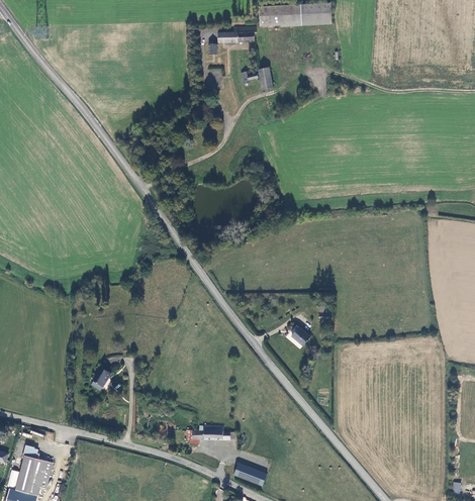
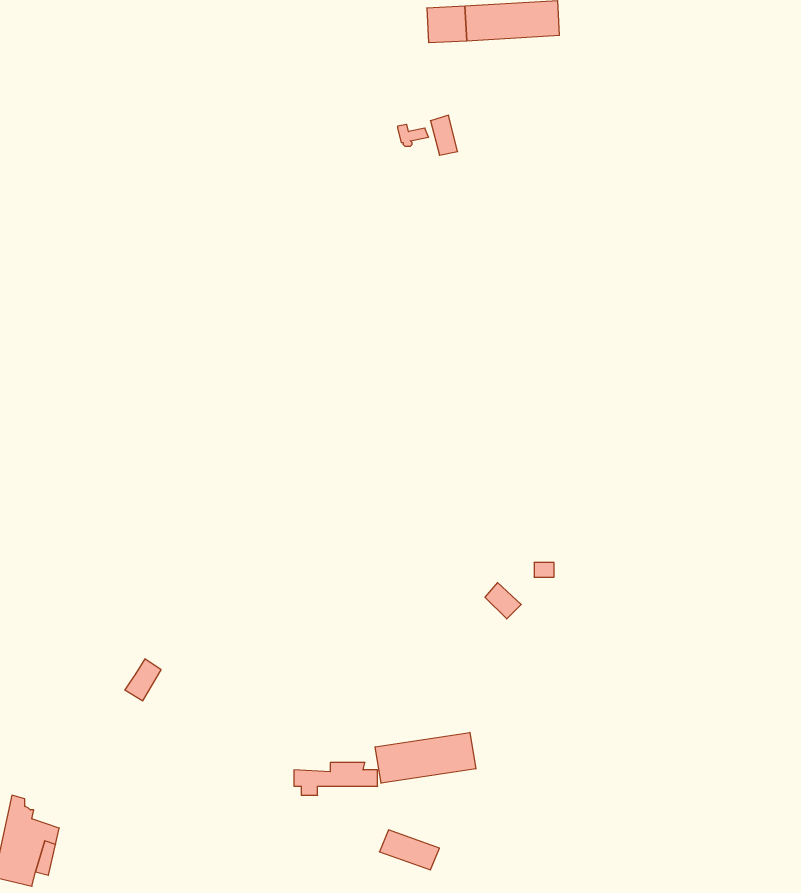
building: [217,26,254,42] -> none
building: none -> [375,732,476,783]

